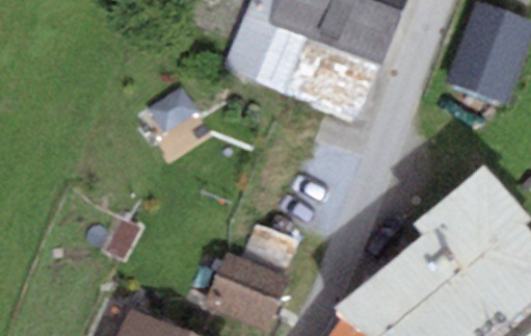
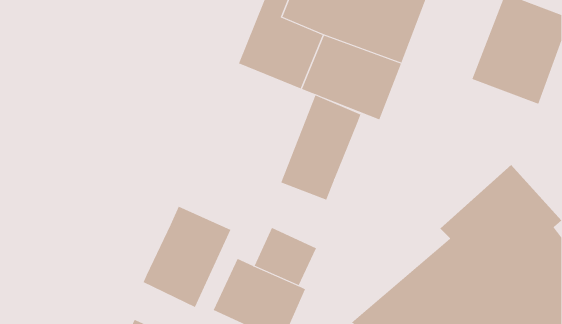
building: none -> [280,95,361,201]
building: none -> [143,206,231,308]

